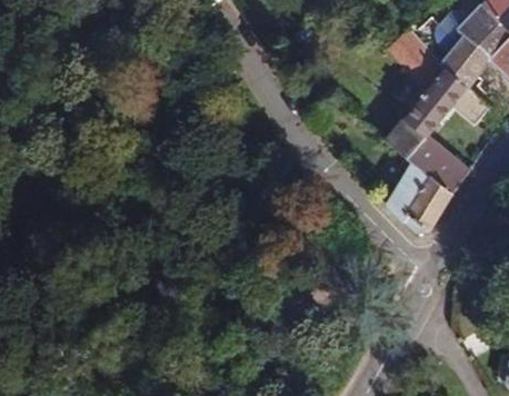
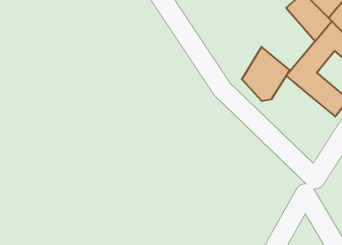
building: [389,161,453,234] -> [242,47,290,101]

